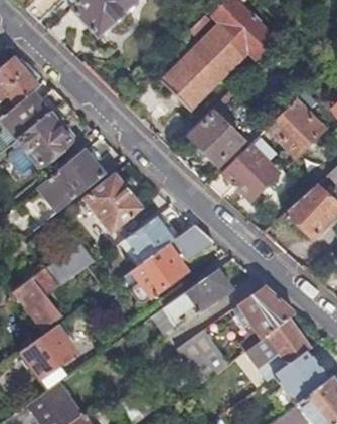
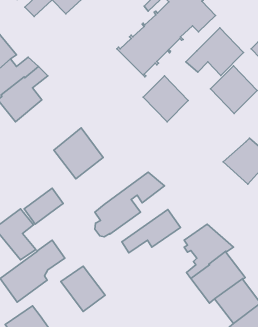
building: [210,144,279,200] -> [186,28,244,75]
building: [44,150,106,211] -> none
building: [127,214,196,262] -> none
building: [177,329,229,382] -> [61,266,105,311]

